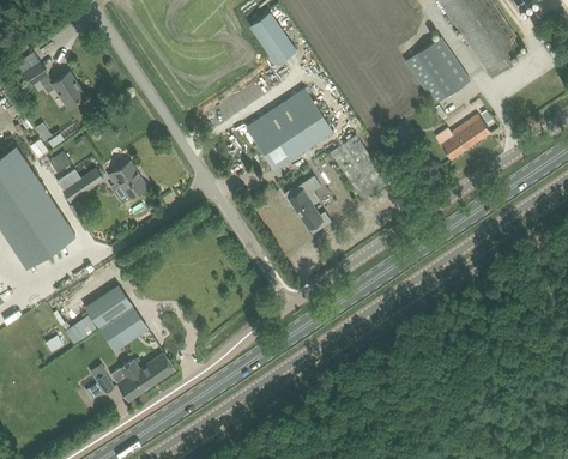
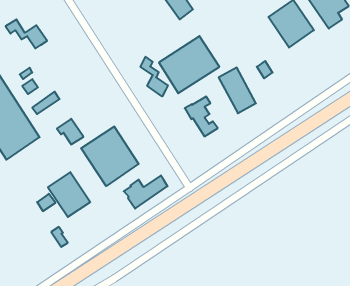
building: [440,115,490,159] -> none
building: none -> [140,57,168,96]
building: [109,162,147,199] -> [57,119,83,144]
building: none -> [81,126,139,186]
building: [111,354,175,401] -> [124,175,168,209]

